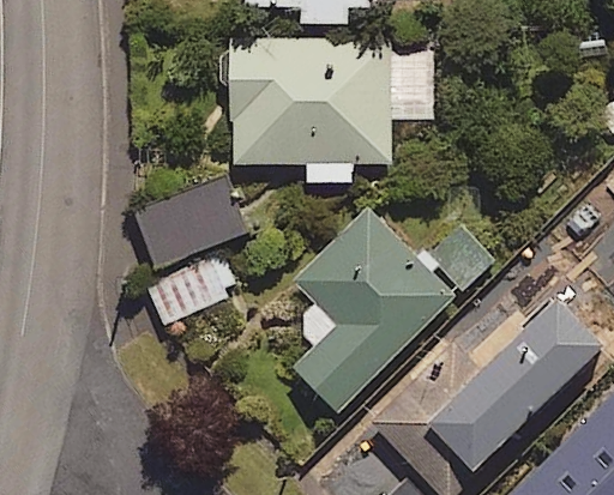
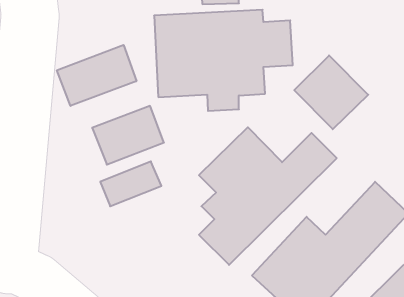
building: none -> [57,45,136,106]
building: none -> [294,55,368,129]

